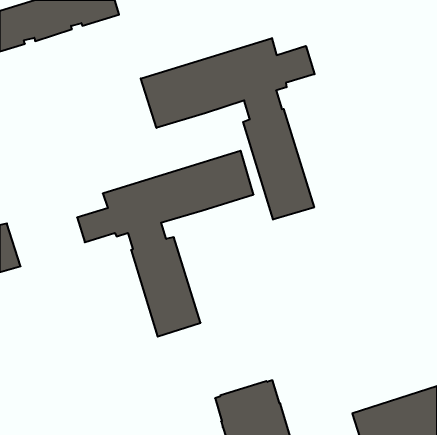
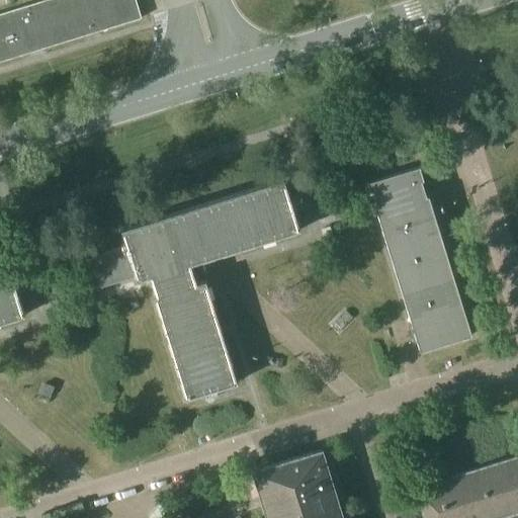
building: [141,38,315,220] -> none
building: none -> [368,169,471,353]

